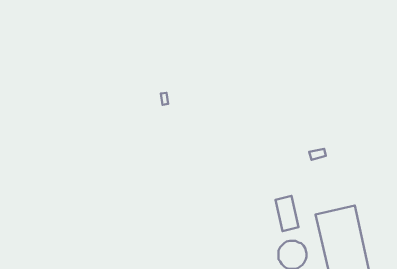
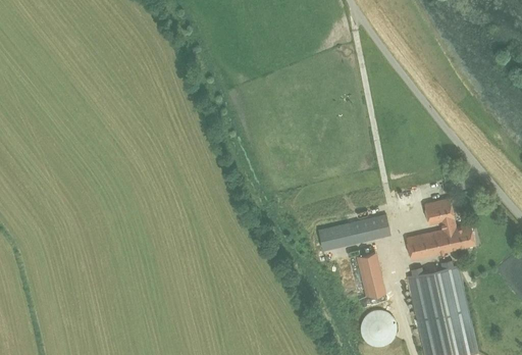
building: none -> [407,200,475,261]
building: none -> [317,215,390,248]

